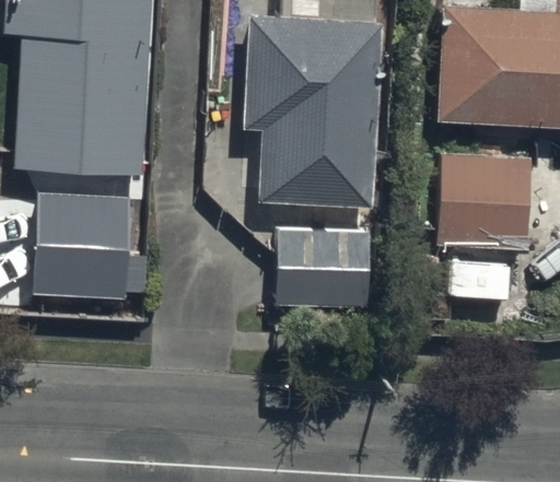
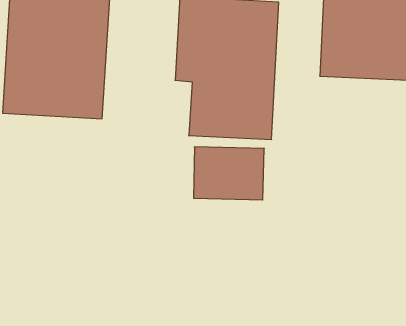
building: [432,143,525,243] -> none
building: [28,187,125,291] -> none

